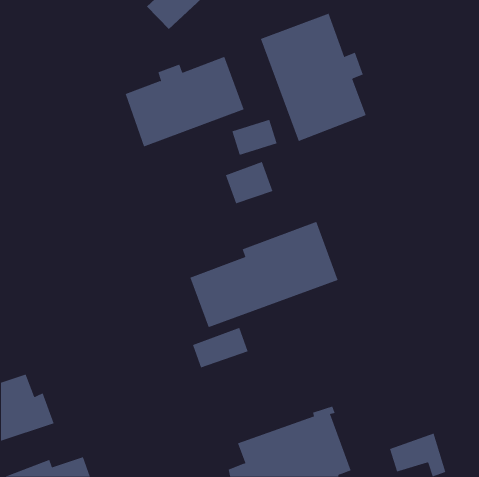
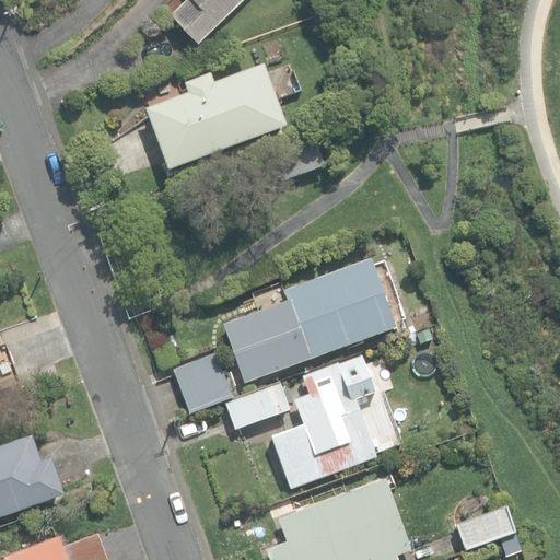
building: [260,13,367,142] -> none
building: [225,161,273,204] -> none
building: none -> [172,353,232,412]
building: none -> [271,355,376,488]

